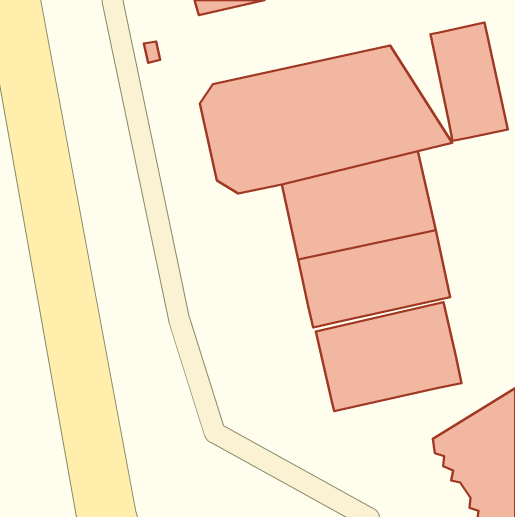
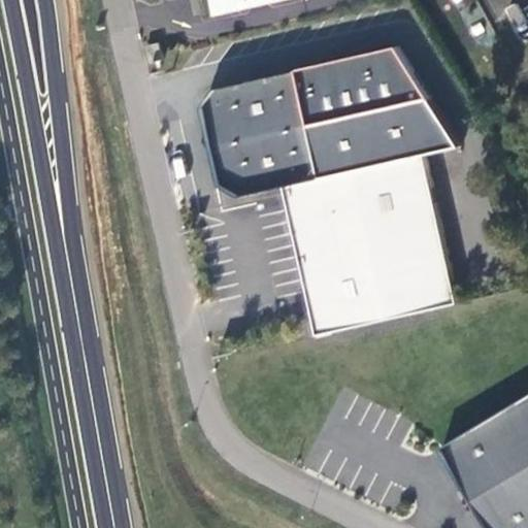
building: [430,22,508,141] -> none
building: [316,302,462,411] -> none

